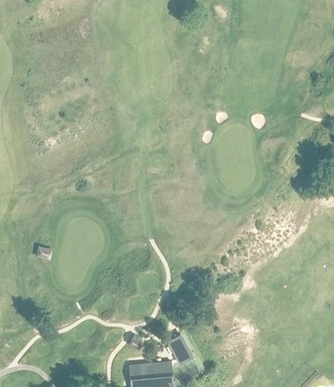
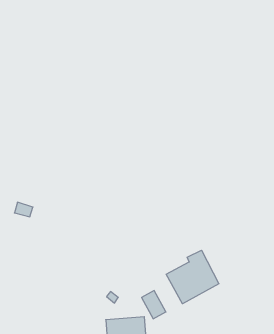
building: none -> [166,250,219,304]

